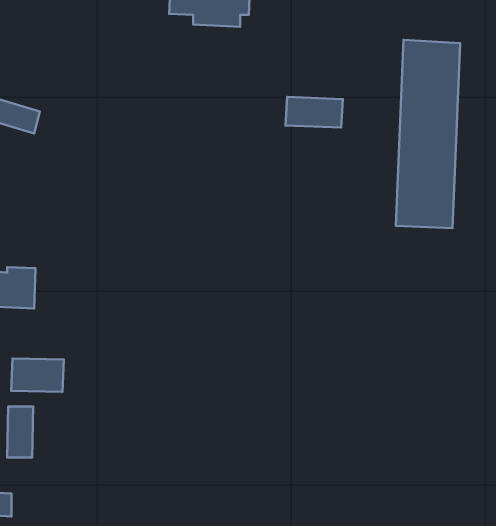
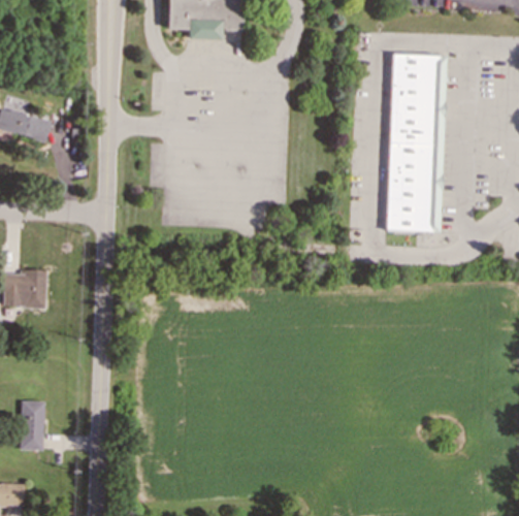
building: [285,97,343,128] -> none
building: [11,358,64,392] -> none

